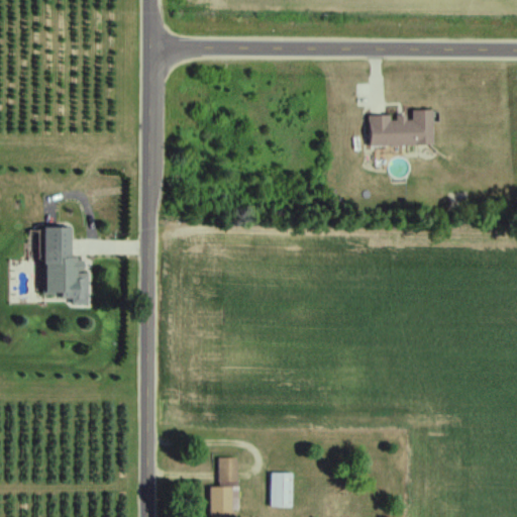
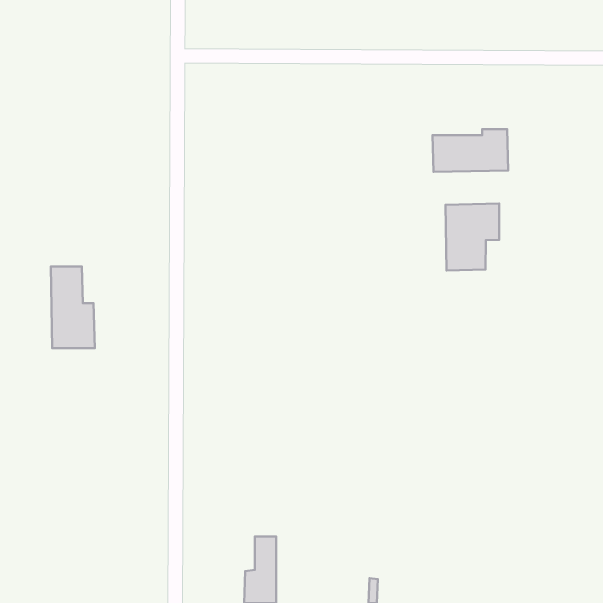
building: none -> [446,204,499,271]
building: [271,473,293,506] -> none

